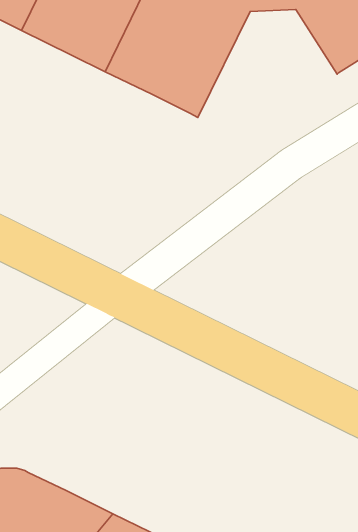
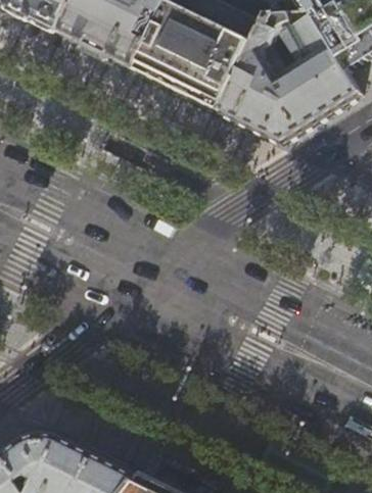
building: none -> [213,9,354,139]

